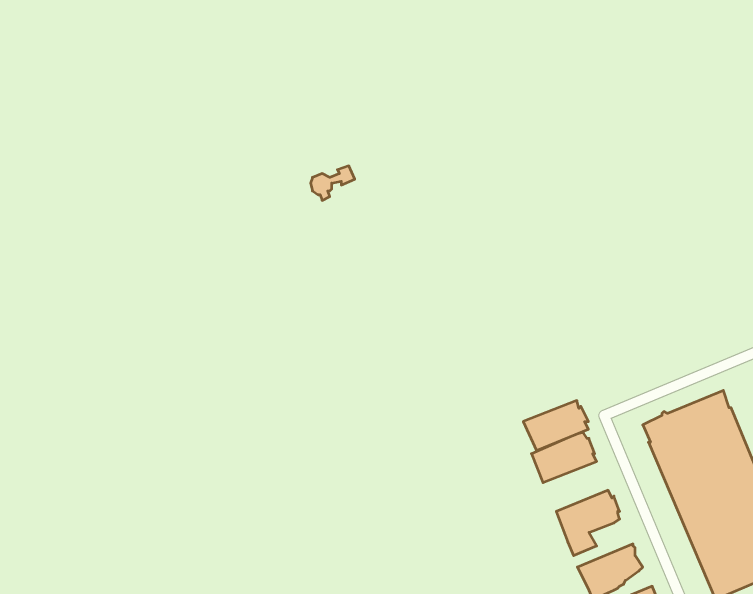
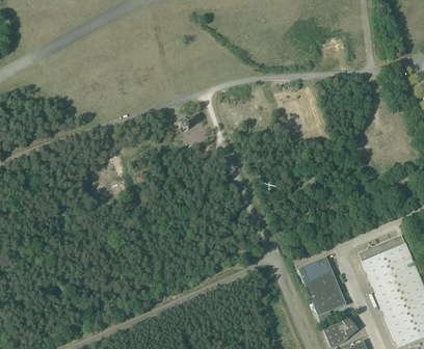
building: [523,401,588,450] -> [304,272,340,299]

